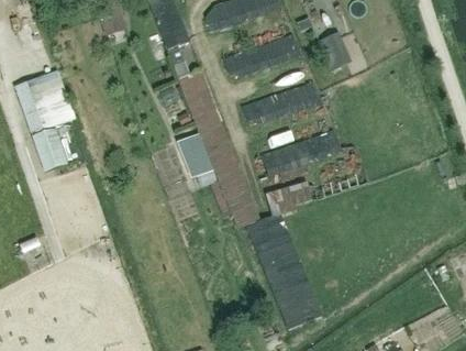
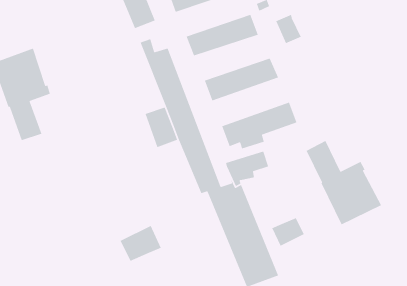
building: none -> [305,140,382,226]
building: none -> [271,217,305,247]
building: none -> [119,225,162,262]

